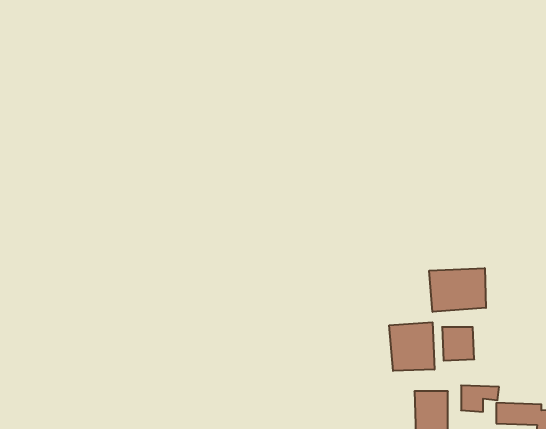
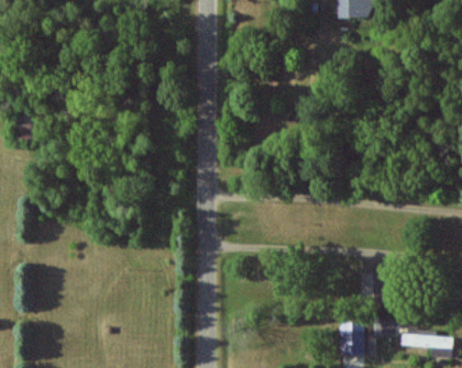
building: [429,268,486,312] -> none
building: [389,322,434,371] -> none

